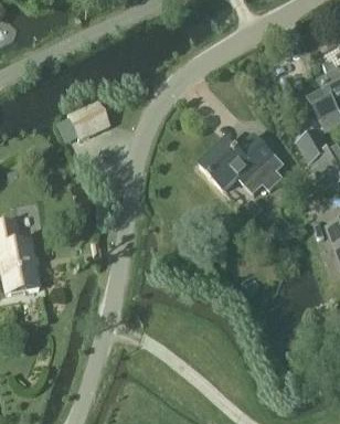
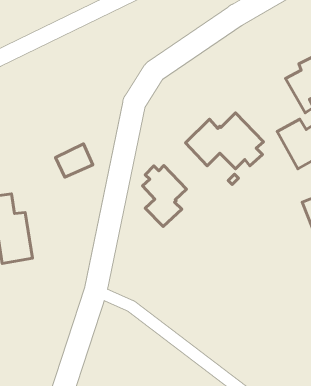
building: [70,102,109,137] -> [55,144,93,177]
building: none -> [143,166,187,227]

